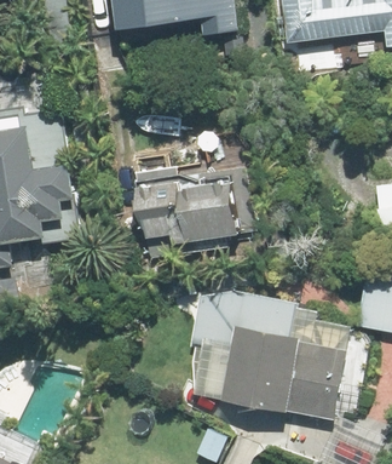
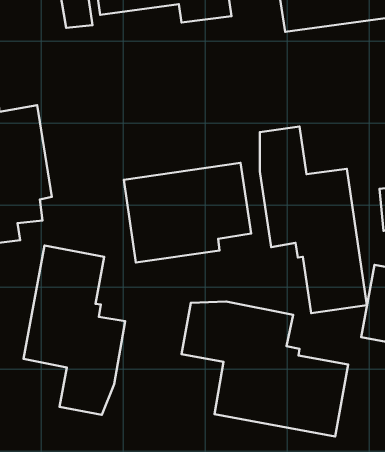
building: none -> [260,127,367,313]
building: none -> [23,246,125,415]

